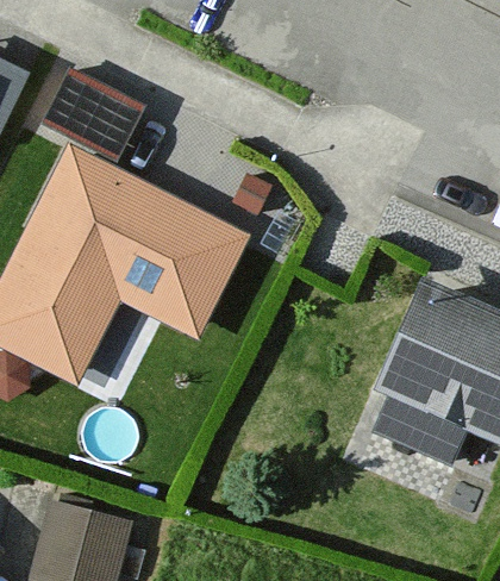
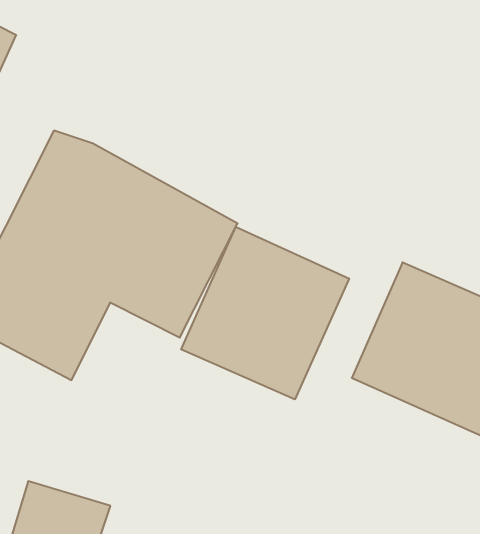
building: [37,74,131,157] -> none
building: none -> [181,227,349,399]

